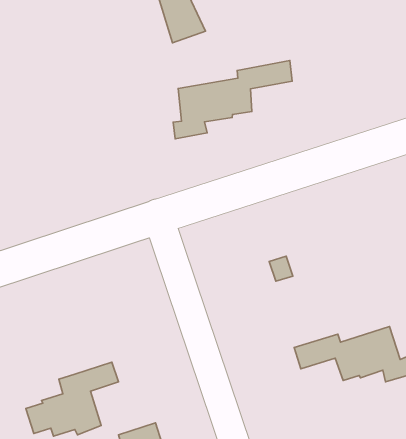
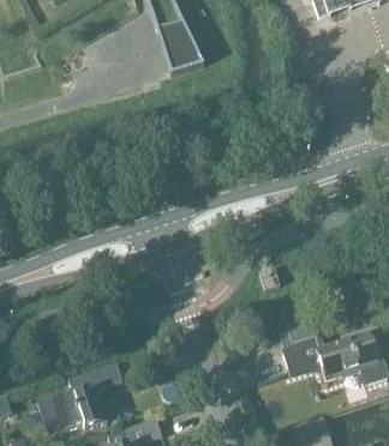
building: [173,61,292,139] -> none

